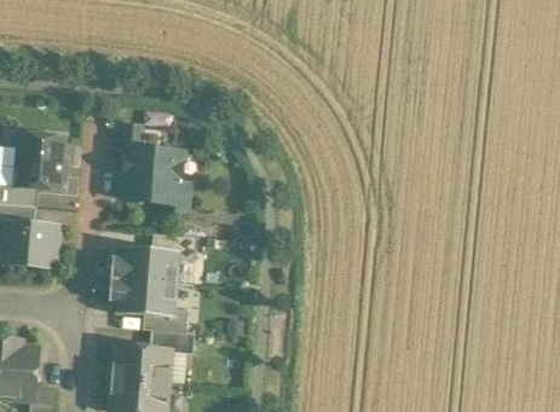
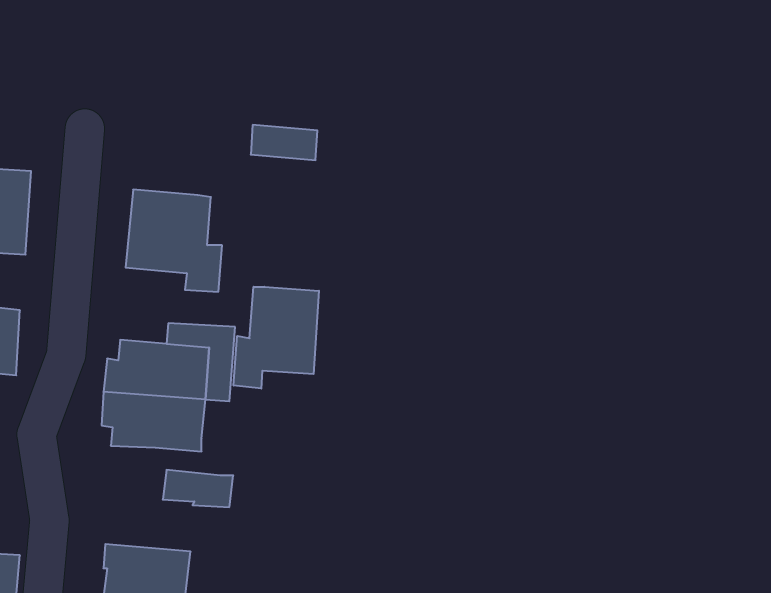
building: [129,128,173,151] -> [251,125,317,160]
building: none -> [234,287,319,389]
building: [143,309,187,333] -> none
building: [111,346,169,383] -> none

